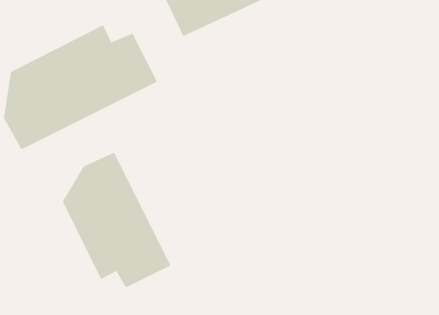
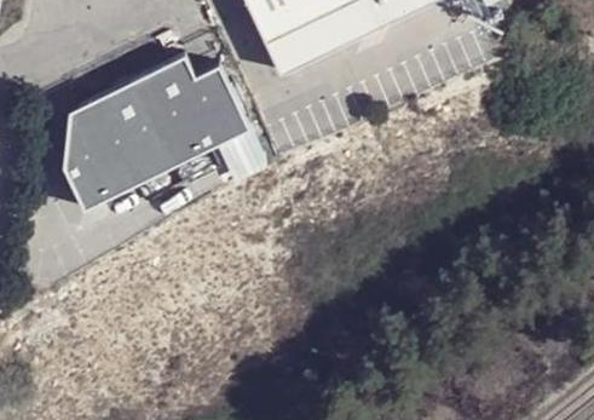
building: [62,152,171,288] -> none

